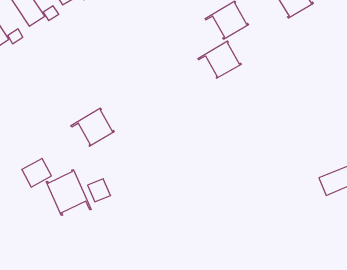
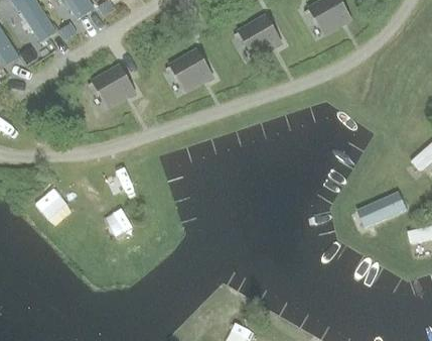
building: [198,41,241,78] -> [164,50,211,91]
building: [71,108,114,146] -> [87,67,134,108]
building: [46,170,91,215] -> none

